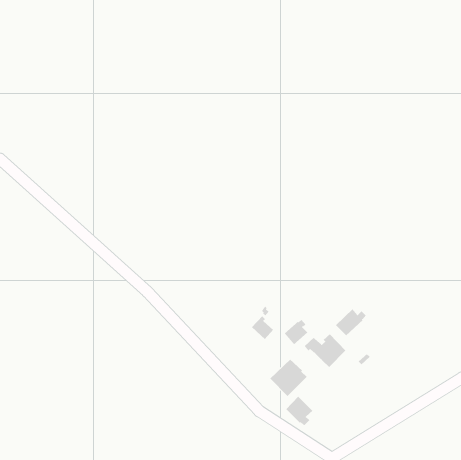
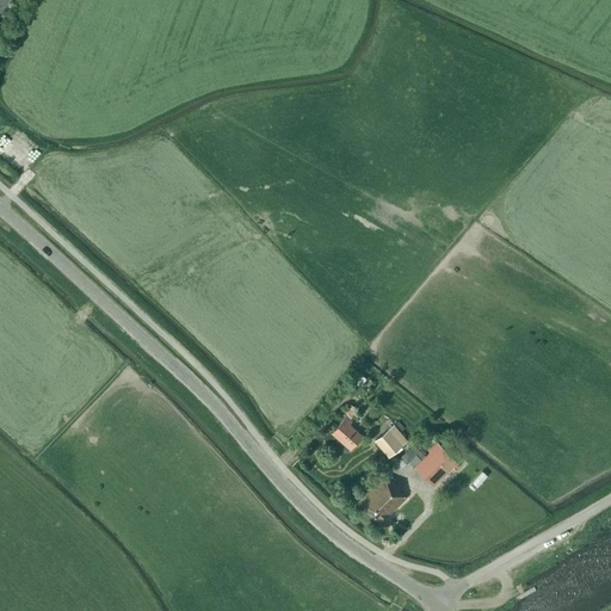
building: [335,309,367,336] -> none
building: [285,396,313,426] -> none

